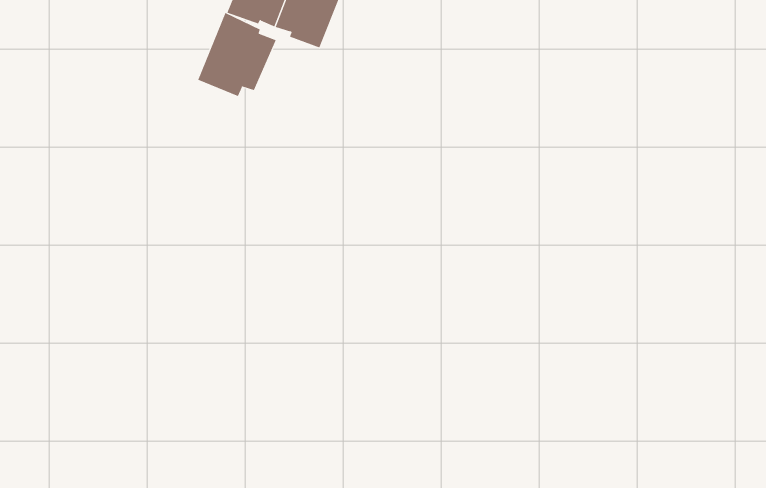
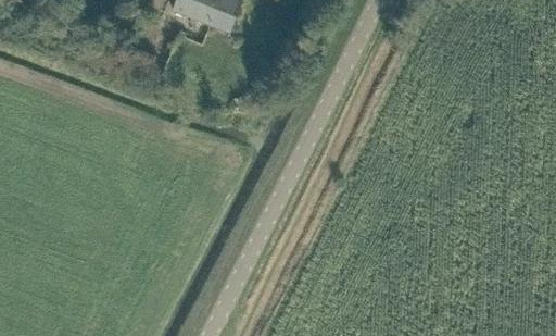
building: [197,12,276,97] -> none

